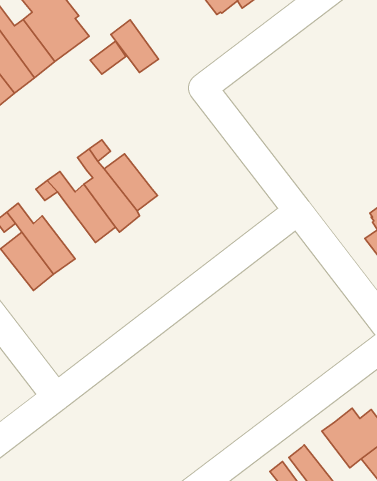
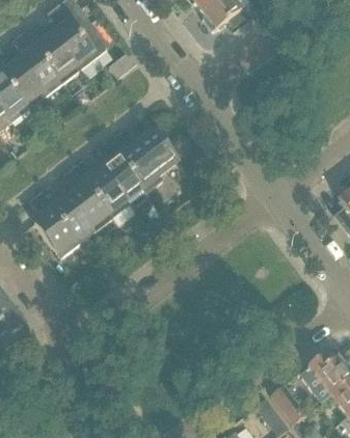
building: [111,20,159,73] -> none
building: none -> [136,131,177,173]
building: none -> [69,183,112,230]

